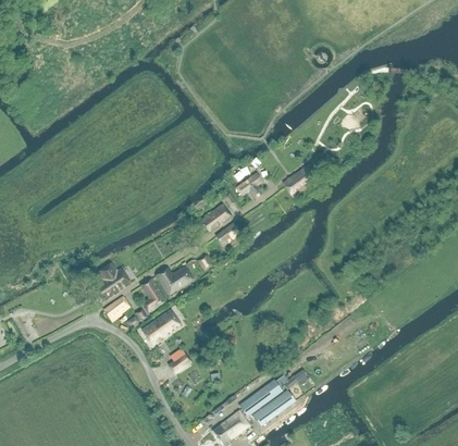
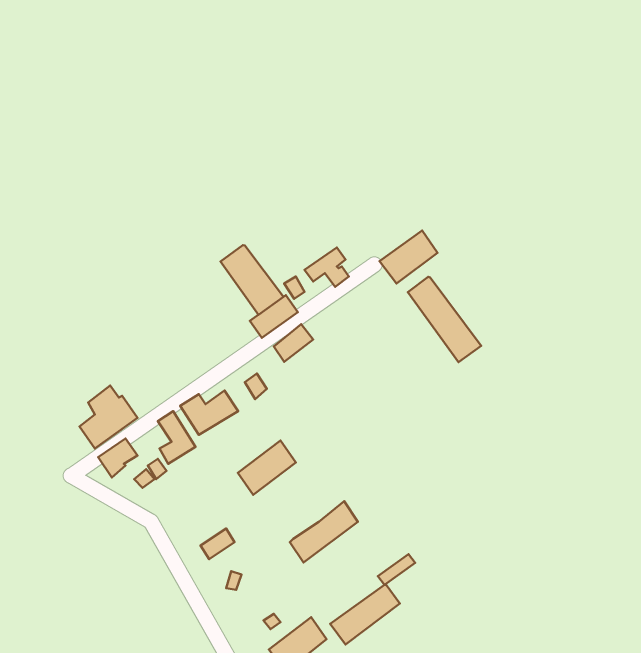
building: none -> [221,245,283,315]
building: none -> [408,277,481,362]
building: [143,309,180,344] -> [238,440,296,495]
building: [238,377,282,417] -> [290,501,358,563]

